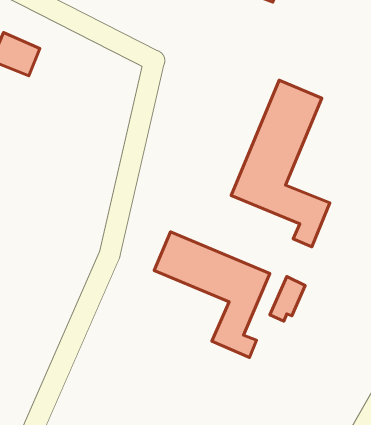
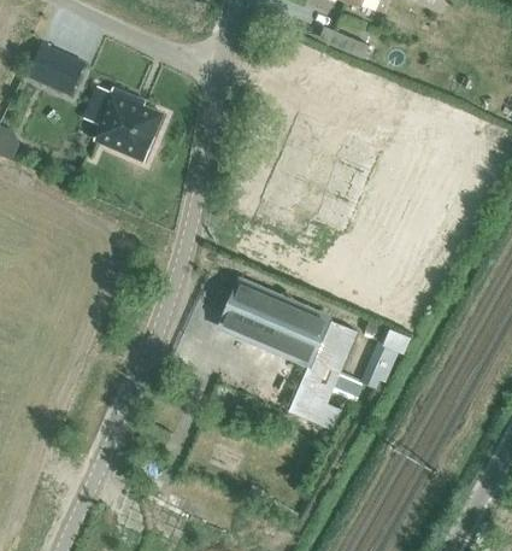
building: none -> [94,87,163,162]
building: [231,80,330,247] -> none

